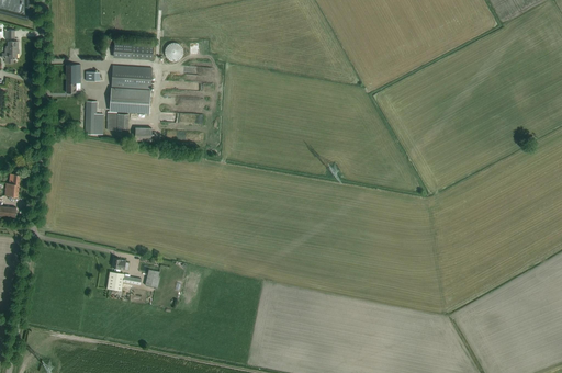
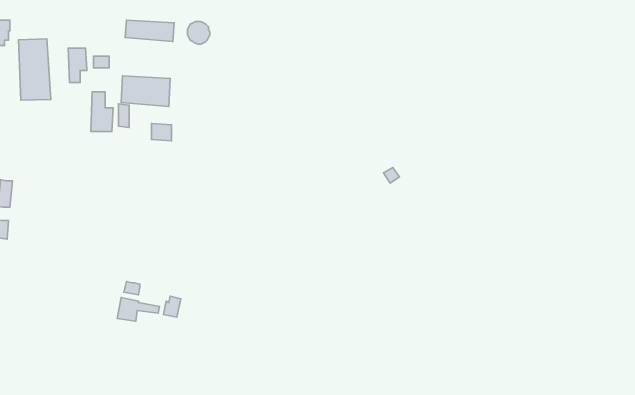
building: none -> [19,39,51,100]
building: [111,66,151,90] -> none

